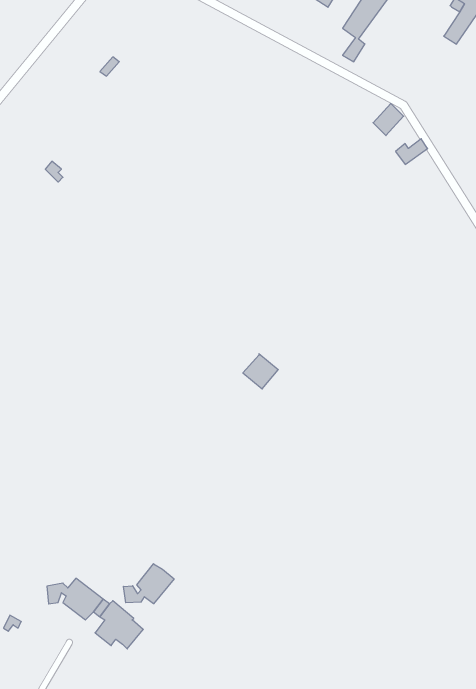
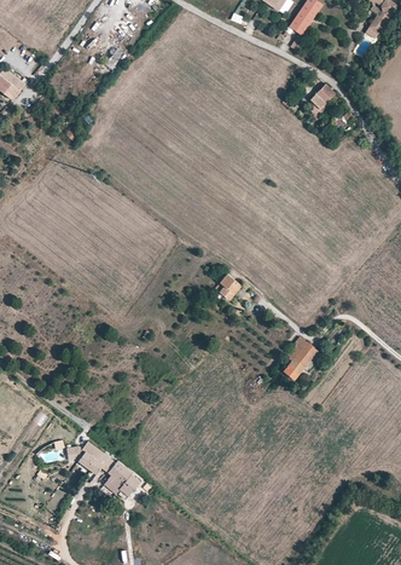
building: none -> [281,338,320,380]
building: [123,564,174,604] -> none

